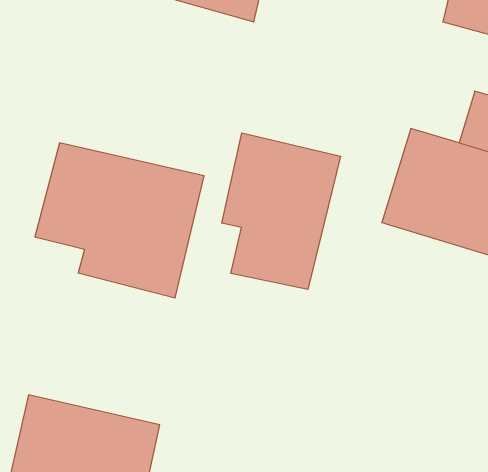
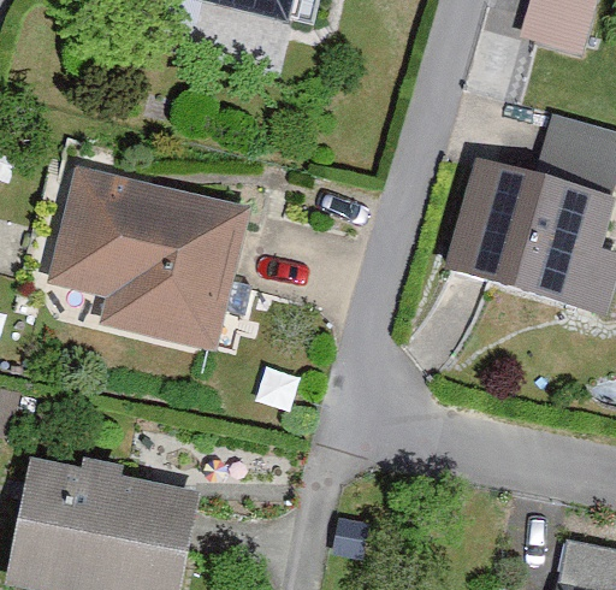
building: [222,133,341,289] -> none

